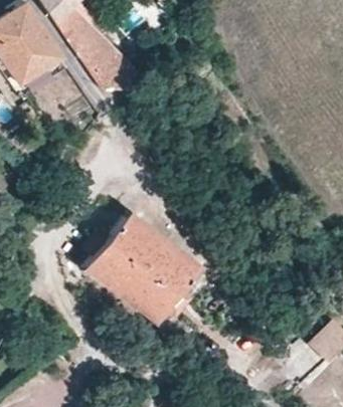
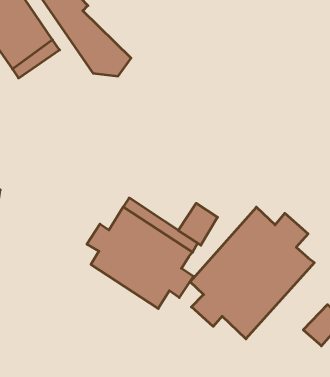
building: none -> [178,203,218,245]
building: none -> [190,207,314,339]

